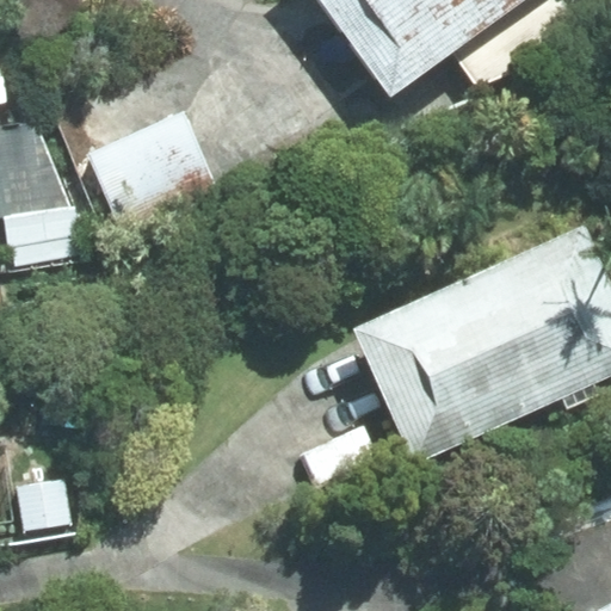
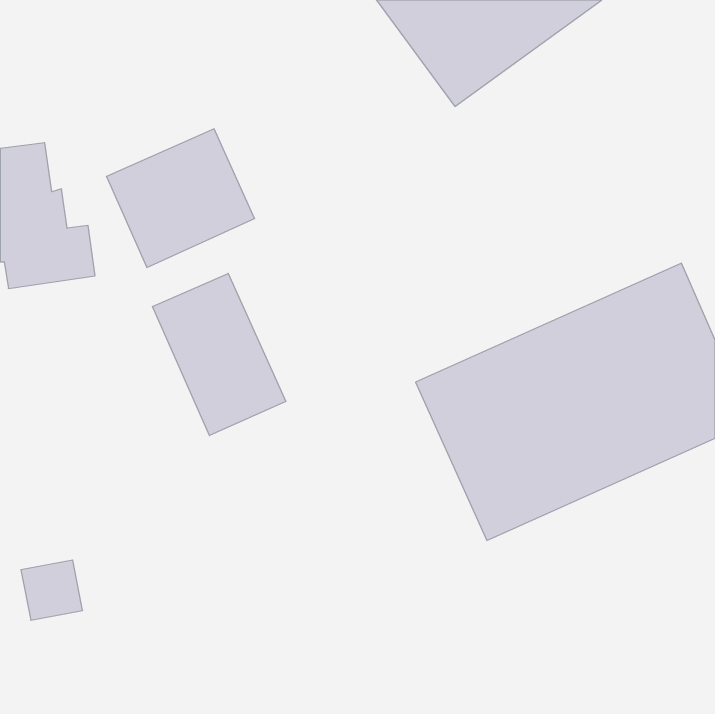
building: none -> [153,273,286,436]

